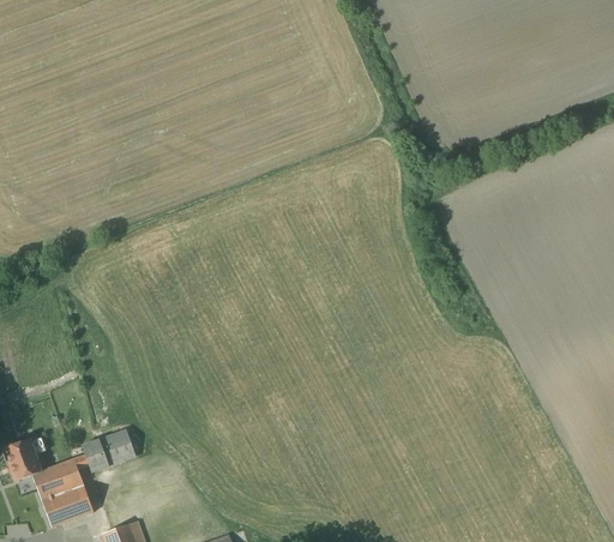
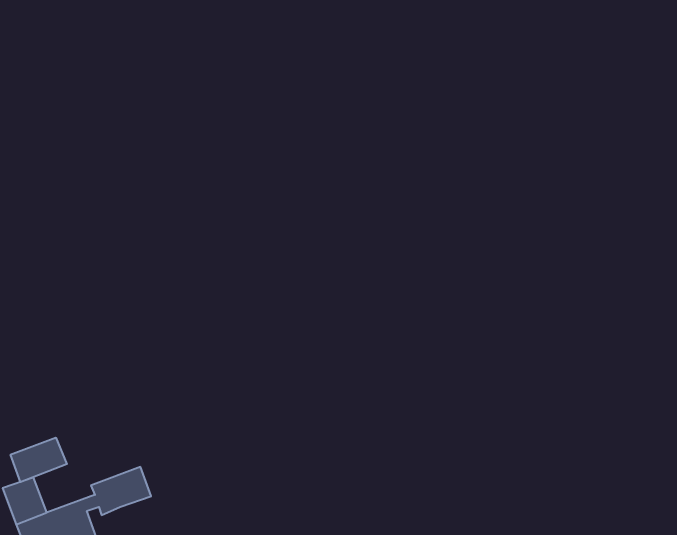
building: none -> [11,438,67,482]

